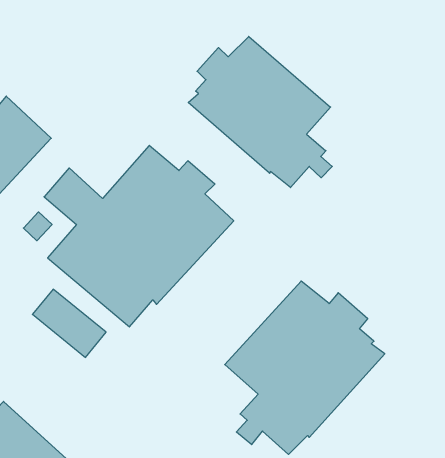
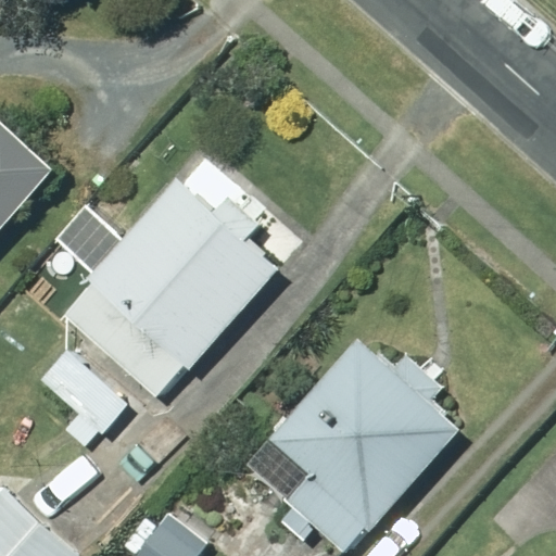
building: [188,36,332,188] -> none

